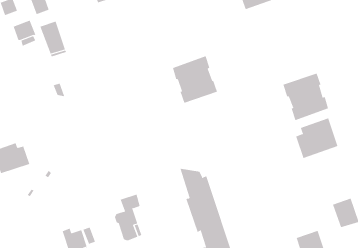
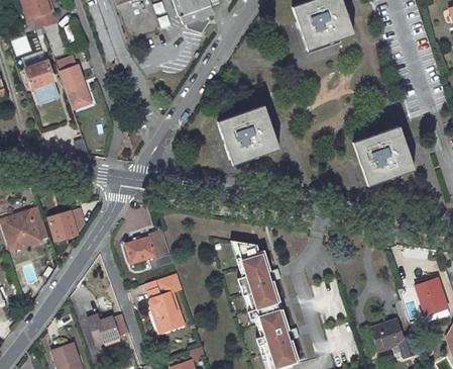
building: [296,118,338,159] -> none
building: none -> [48,208,85,240]
building: none -> [125,228,171,263]

